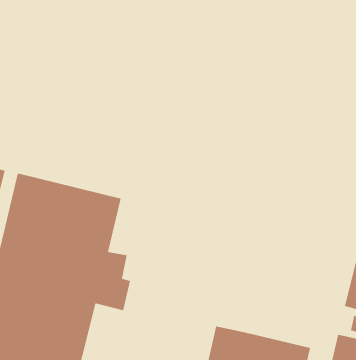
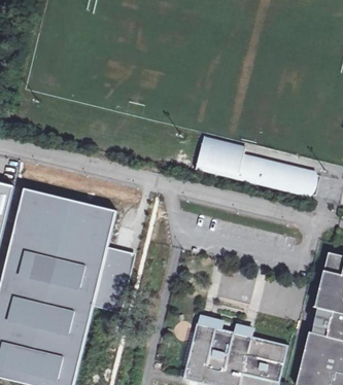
building: none -> [195,136,314,194]

